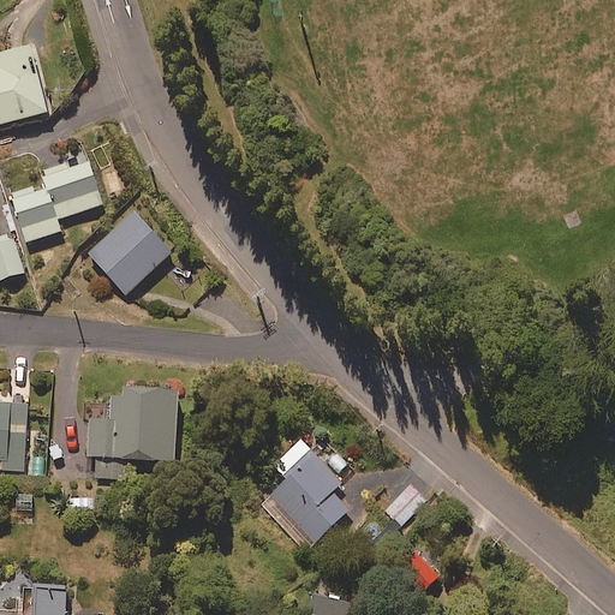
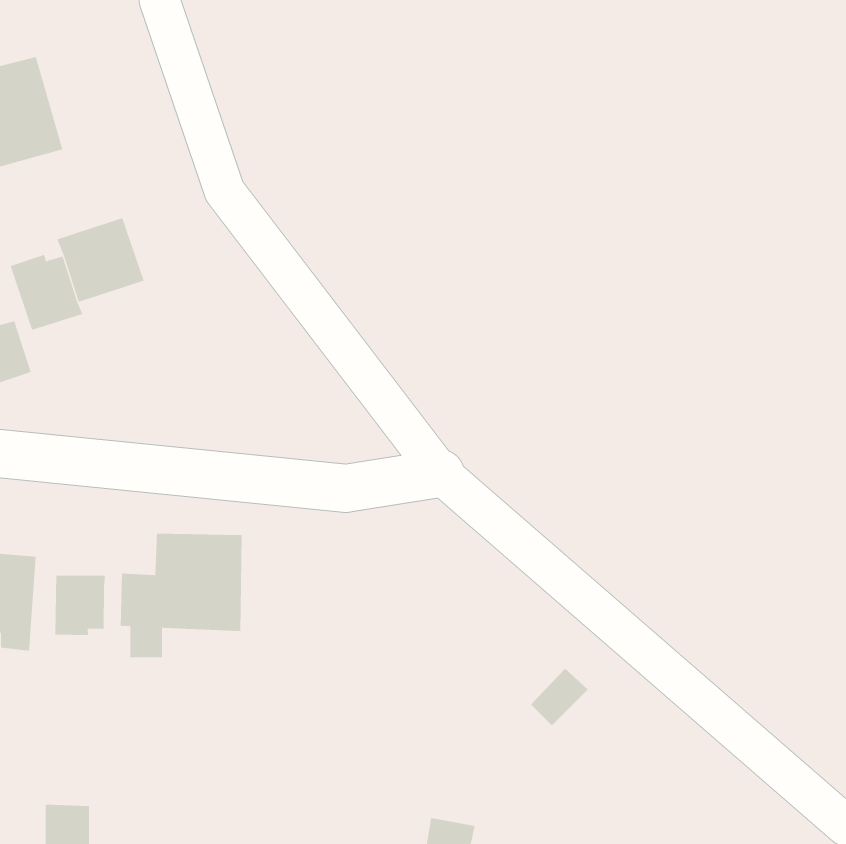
building: [86,209,174,295] -> none
building: none -> [55,575,106,636]
building: [267,441,348,544] -> none

